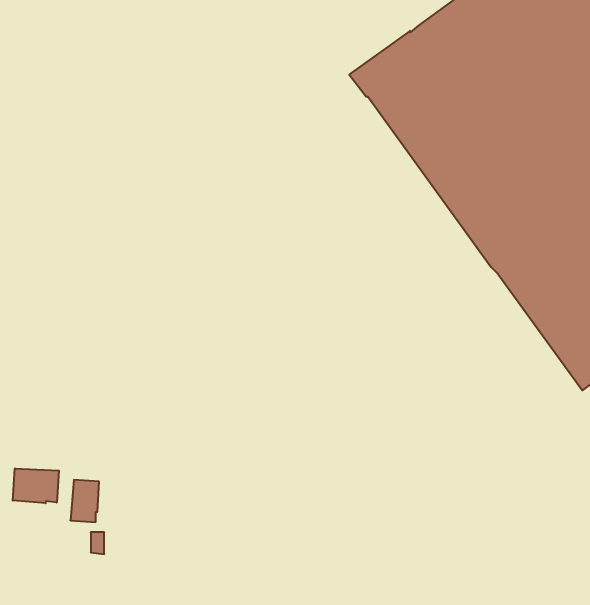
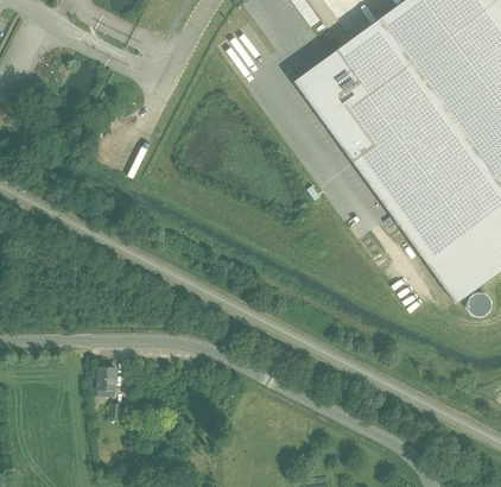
building: [13,468,59,503] -> none

